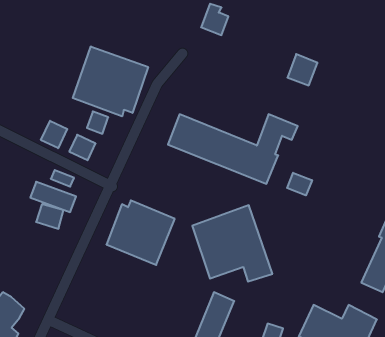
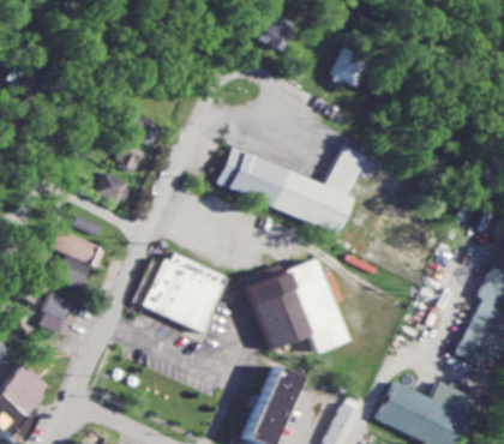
building: [73,46,148,116] -> none
building: [287,54,318,85] -> [330,48,367,86]
building: [41,121,67,148] -> none
building: [287,173,312,195] -> none
building: none -> [36,293,70,332]

